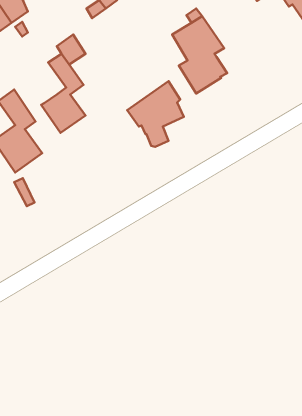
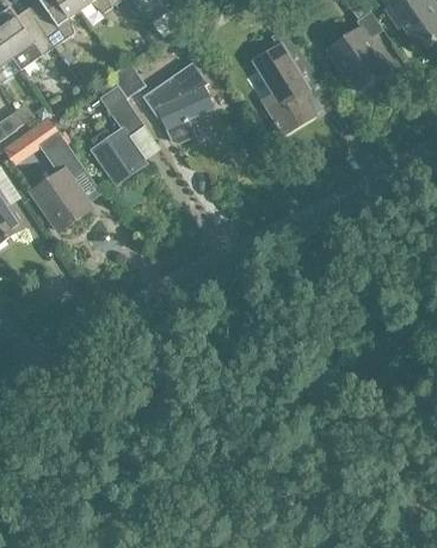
building: none -> [327,26,388,91]
building: [127,81,184,147] -> [142,61,213,142]

